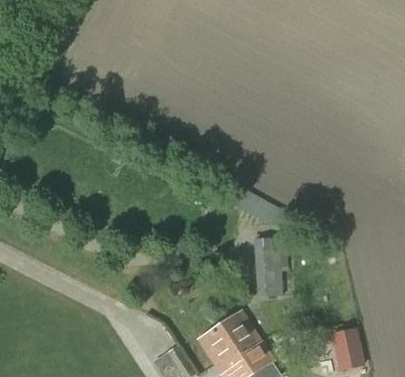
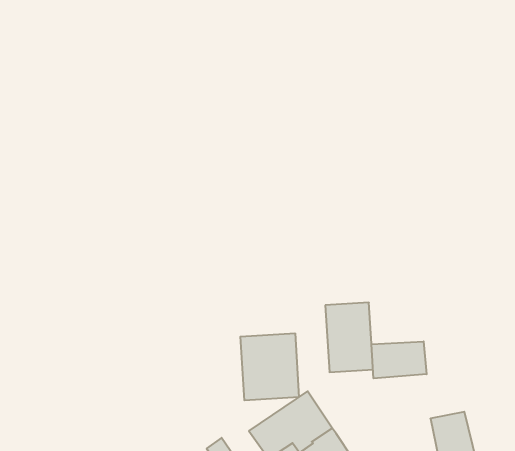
building: none -> [240,333,299,400]
building: none -> [372,341,427,378]

